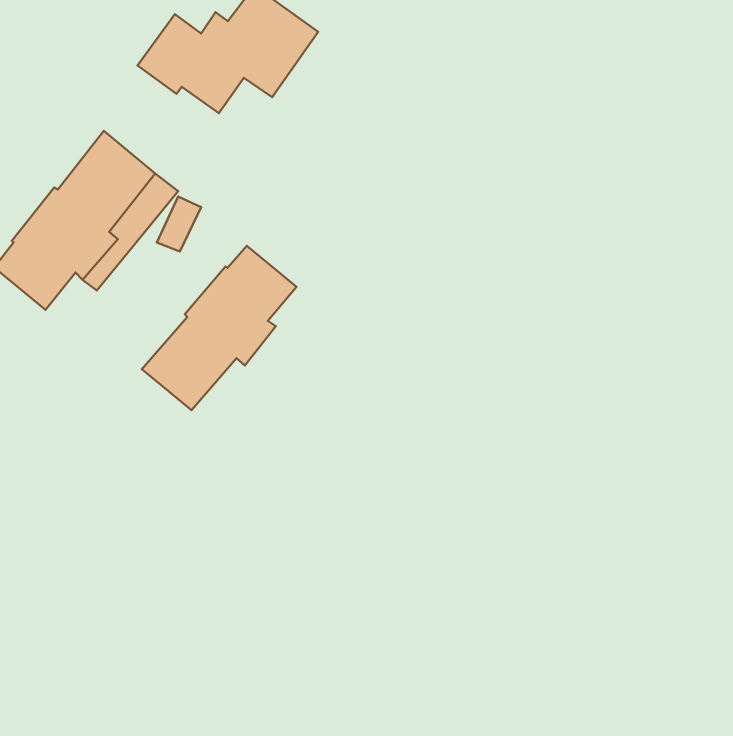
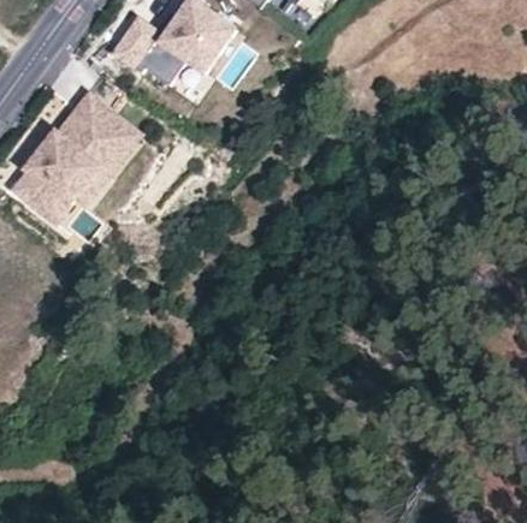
building: [142,246,296,410] -> none

